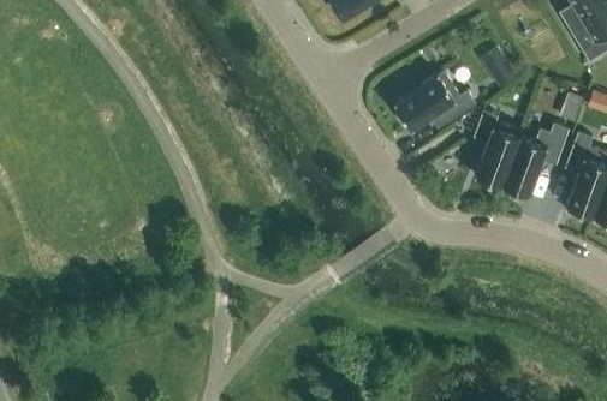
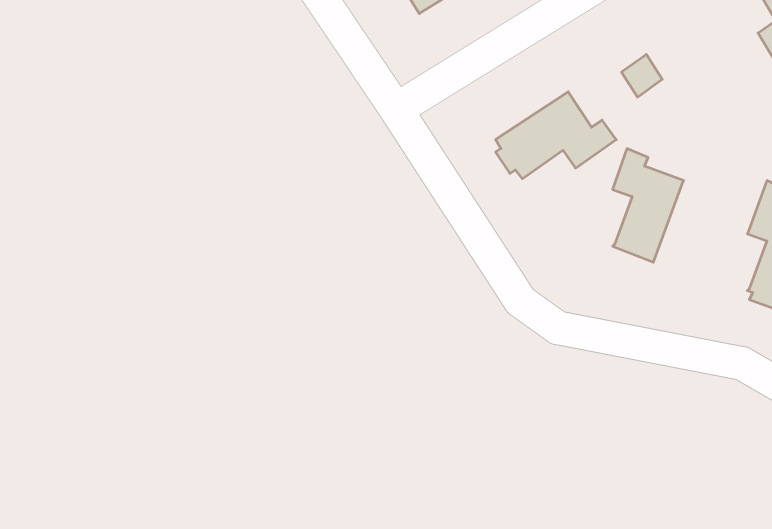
building: [500,124,567,197] -> none

